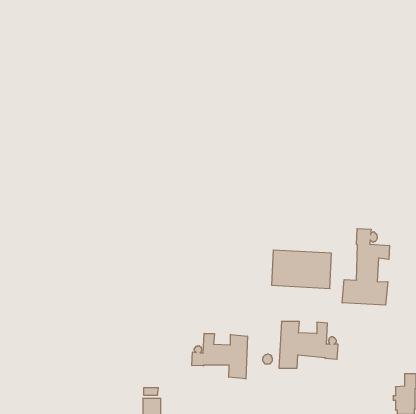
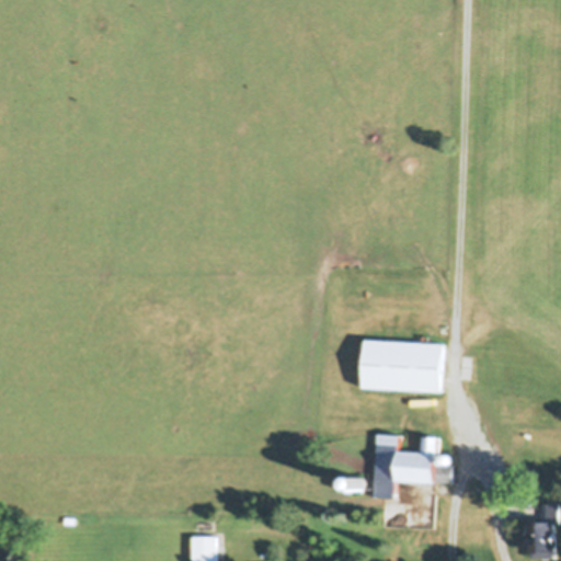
building: [342,229,389,305] -> none
building: [192,333,248,379] -> none

